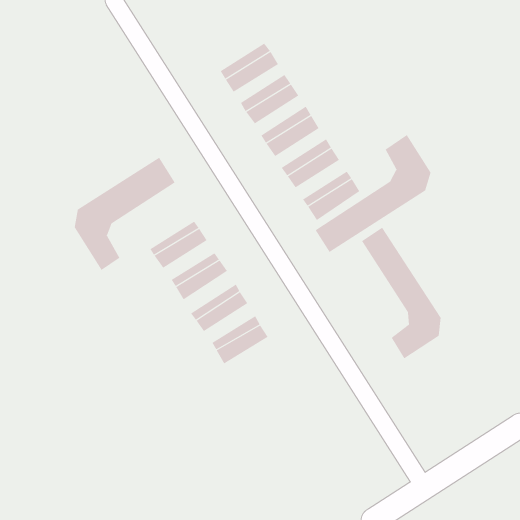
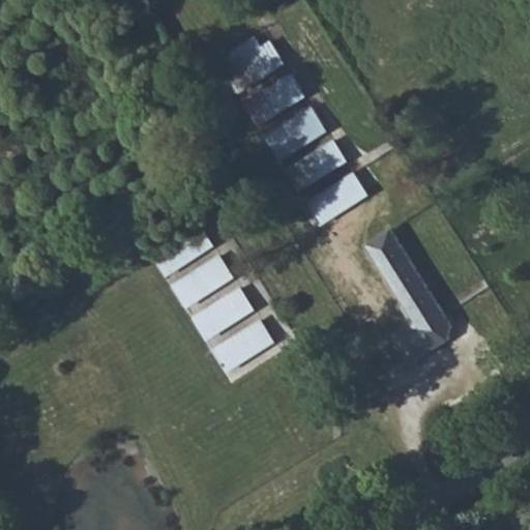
building: [315,134,431,253] -> none
building: [74,157,176,271] -> none

